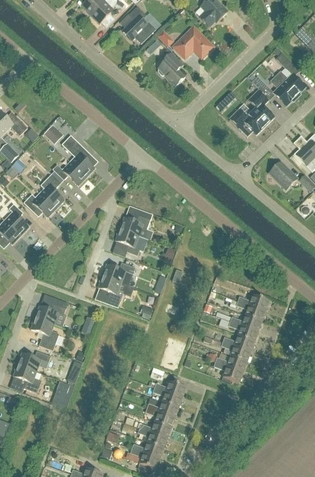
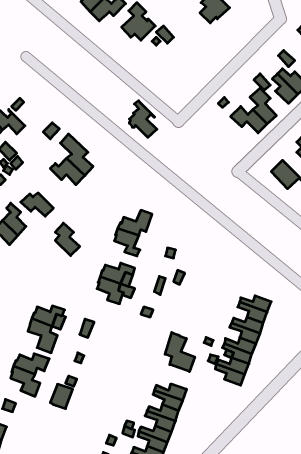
building: [173,26,213,58] -> none
building: [158,49,185,85] -> [129,101,157,137]
building: [40,176,64,208] -> [55,223,80,256]
building: none -> [165,332,195,372]

